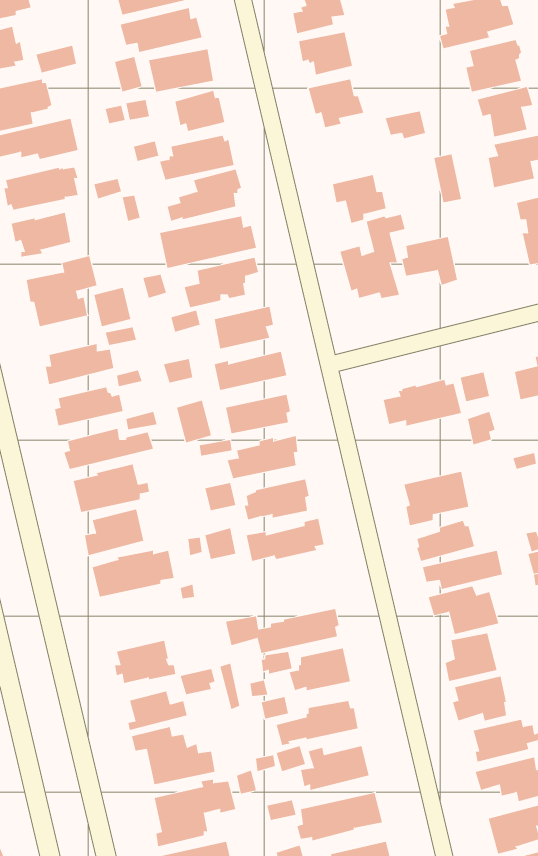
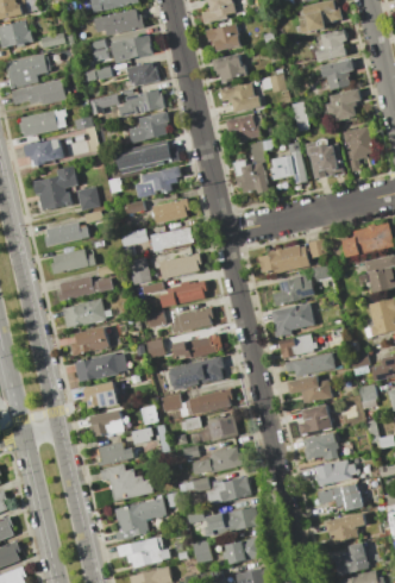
building: none -> [219,82,262,113]
building: none -> [305,138,345,178]
building: none -> [272,275,314,306]
building: none -> [169,356,224,390]
building: none -> [83,382,119,408]

